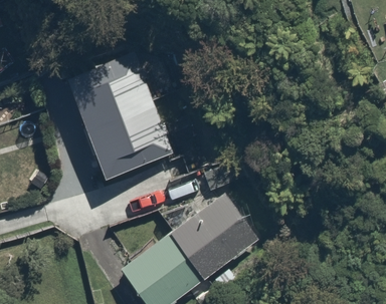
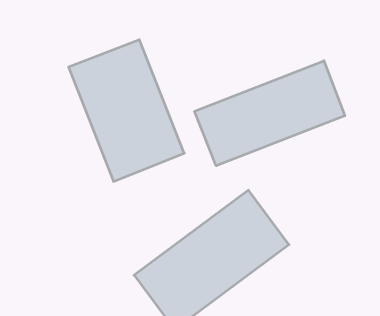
building: none -> [195,61,345,166]

